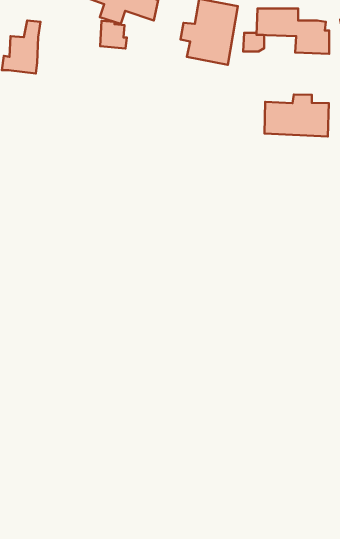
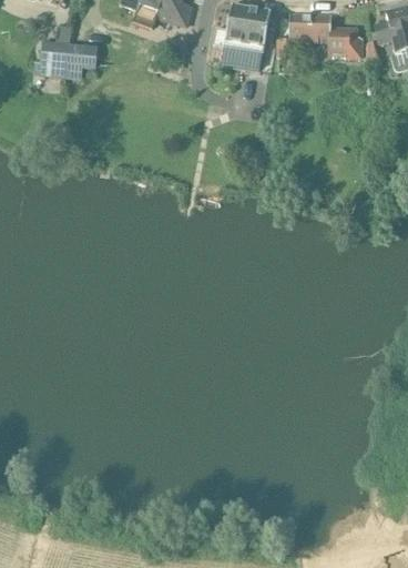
building: [100,21,127,48] -> [70,42,96,70]
building: [265,94,329,136] -> none

